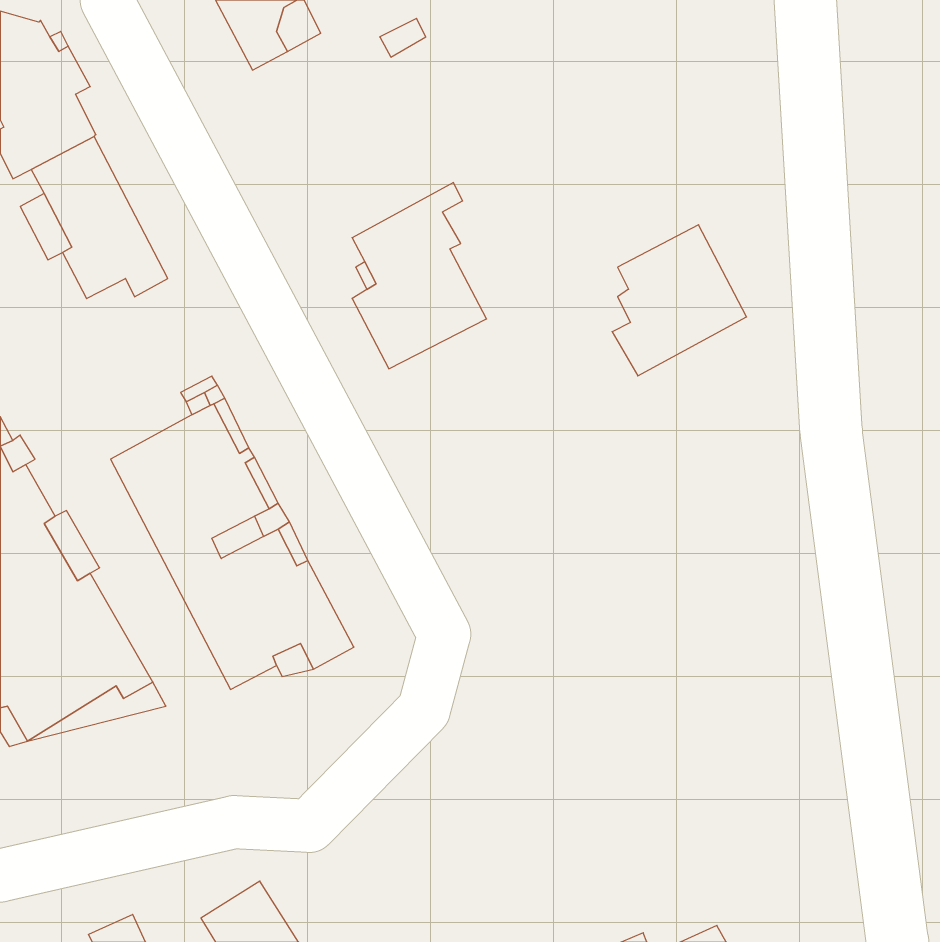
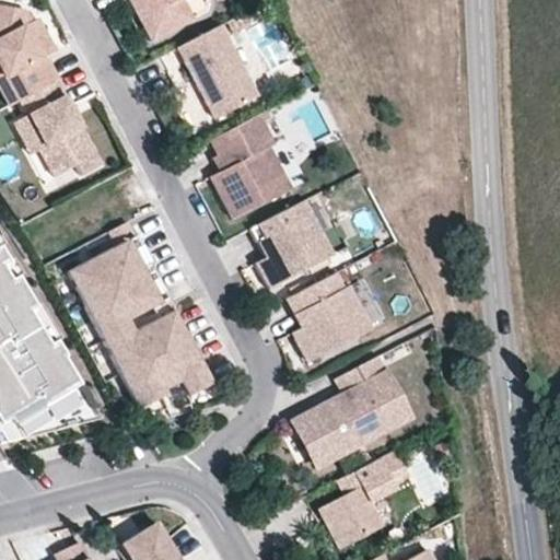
building: none -> [177,25,257,119]
building: [612,225,747,376] -> [254,200,334,290]
building: none -> [285,273,371,363]
building: none -> [294,357,409,465]
building: none -> [318,451,408,549]

